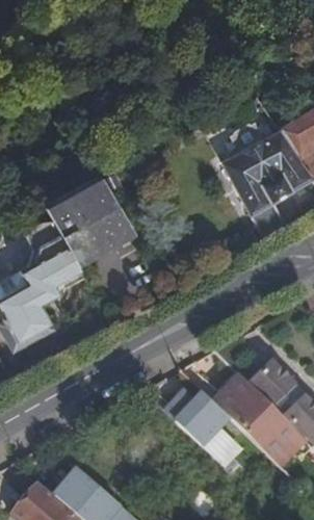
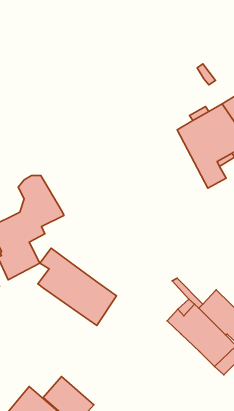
building: [46,178,133,263] -> none
building: none -> [38,248,117,326]
building: [177,392,229,445] -> none

